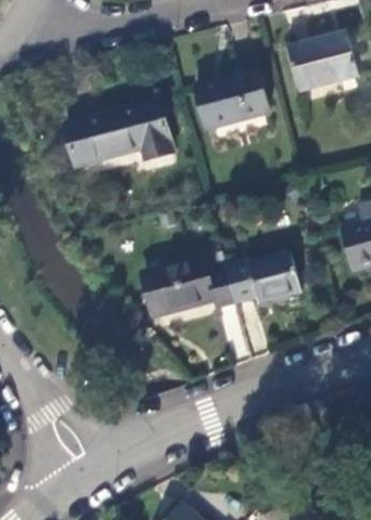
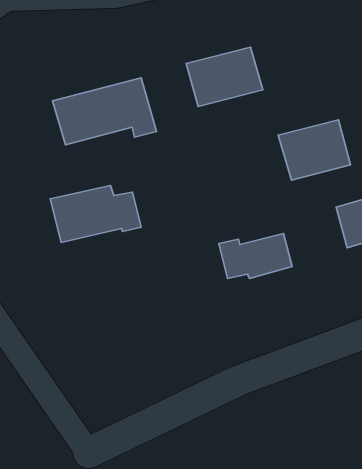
building: [286,35,358,94] -> [278,120,351,180]
building: [144,260,234,316] -> [50,186,141,243]

